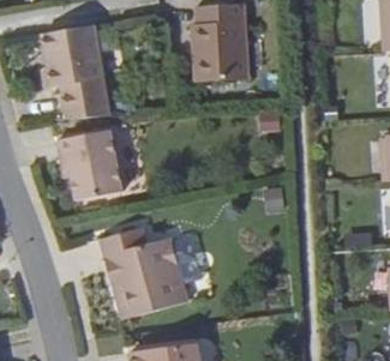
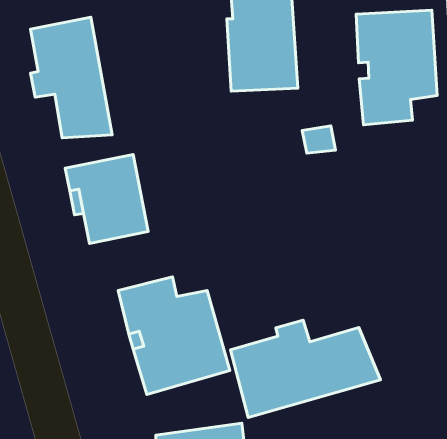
building: none -> [356,10,437,125]
building: none -> [230,320,381,417]

